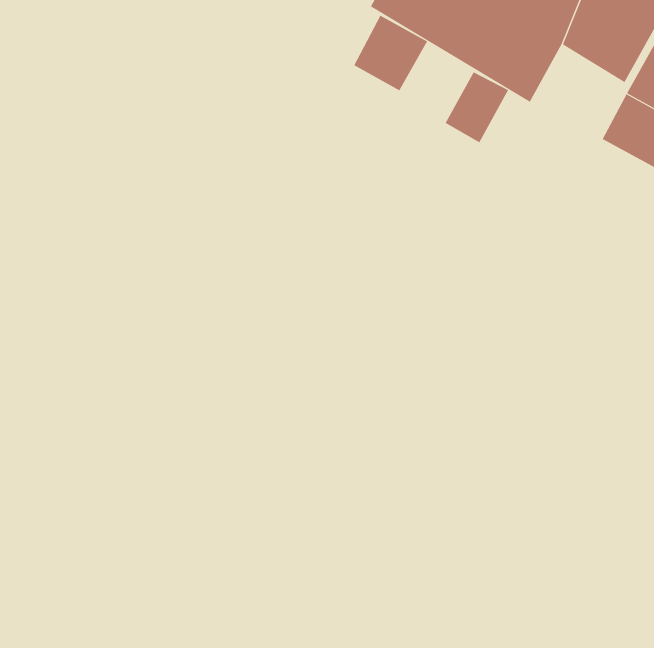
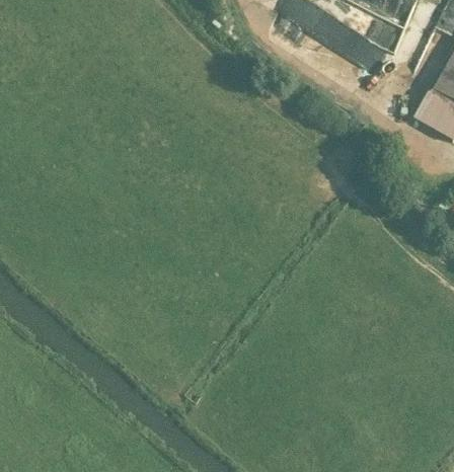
building: [354,15,428,91] -> none
building: [445,72,509,143] -> none

